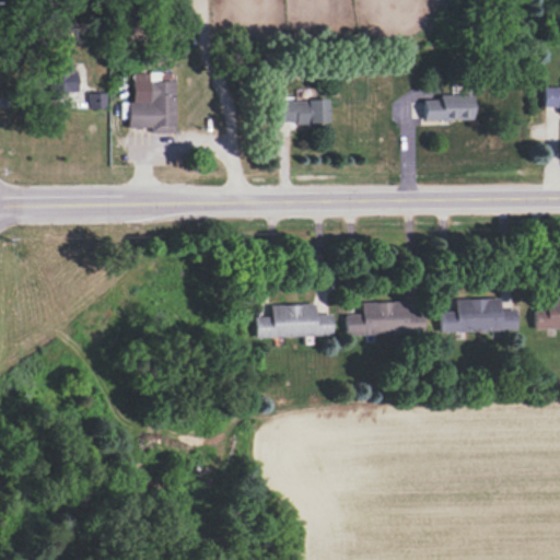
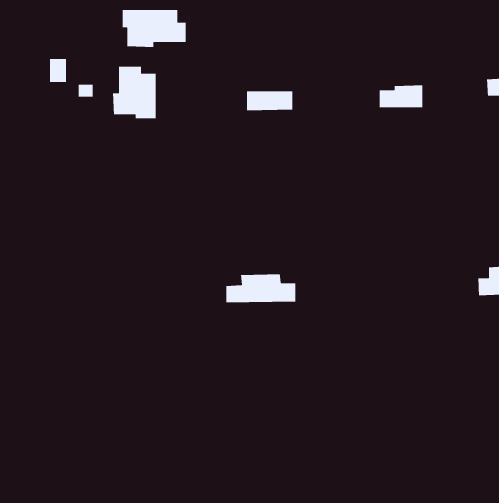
building: none -> [122,9,187,48]
building: [441,299,518,331] -> none
building: [347,301,427,335] -> none

